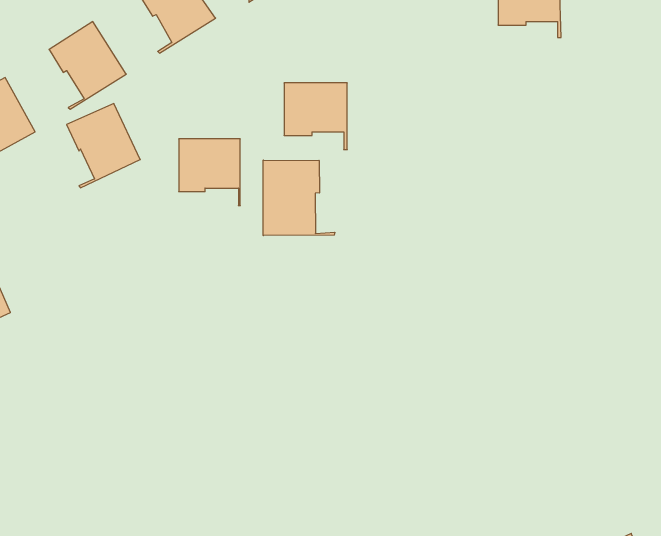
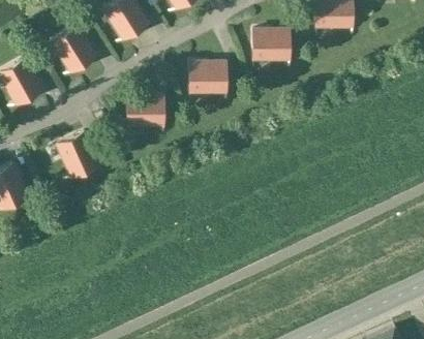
building: none -> [252,30,290,68]
building: [67,104,140,188] -> [56,132,99,182]
building: [263,160,335,236] -> none

